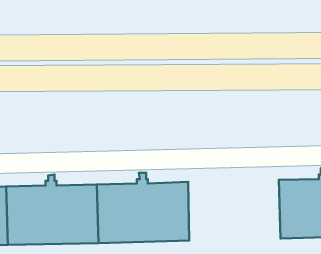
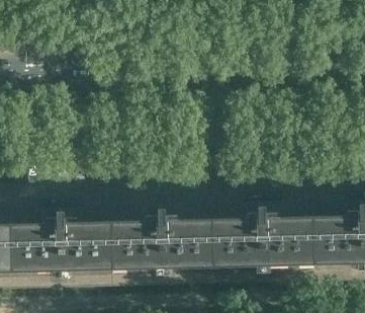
building: none -> [212,192,314,269]

